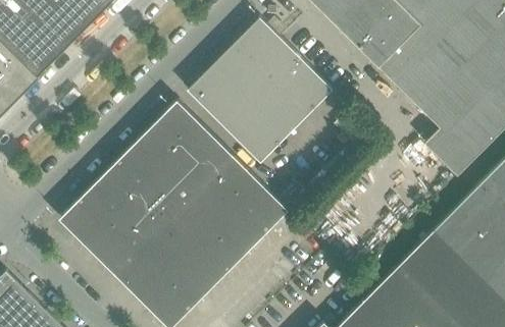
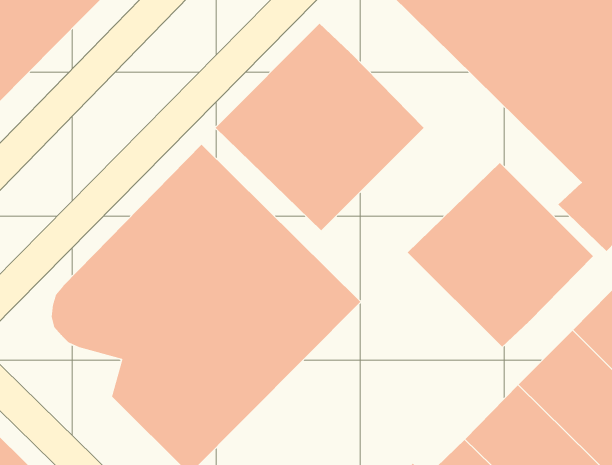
building: none -> [407,162,594,348]

